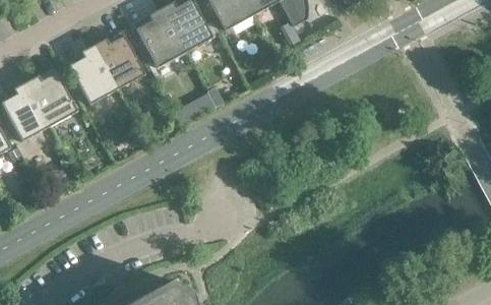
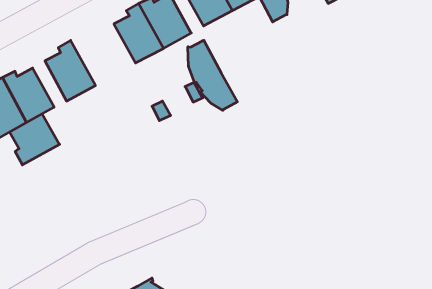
building: [93,35,144,88] -> none
building: none -> [188,40,237,110]
building: none -> [10,114,60,165]

